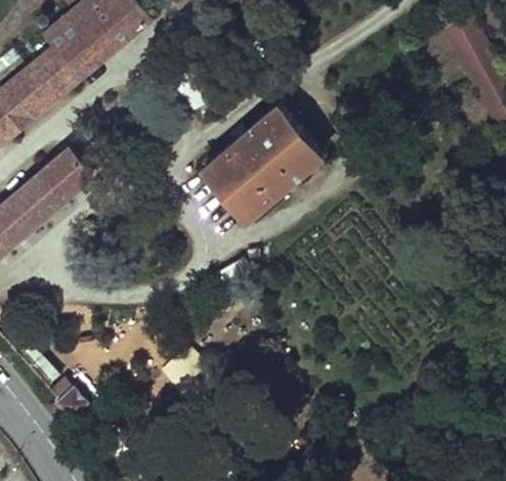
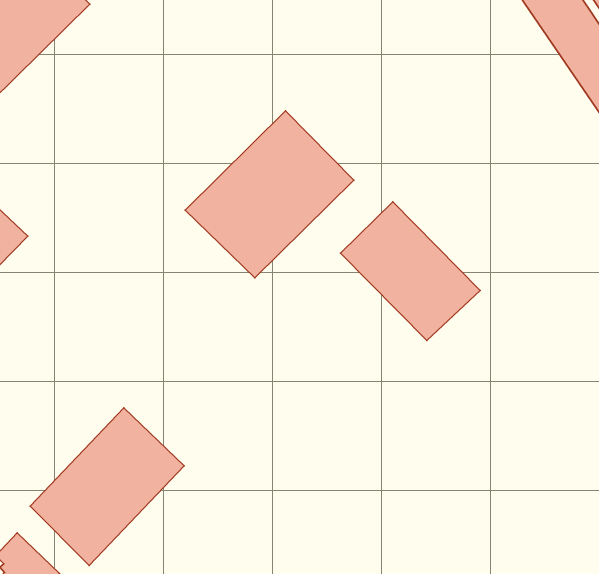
building: none -> [341,202,480,341]
building: none -> [30,408,184,565]

